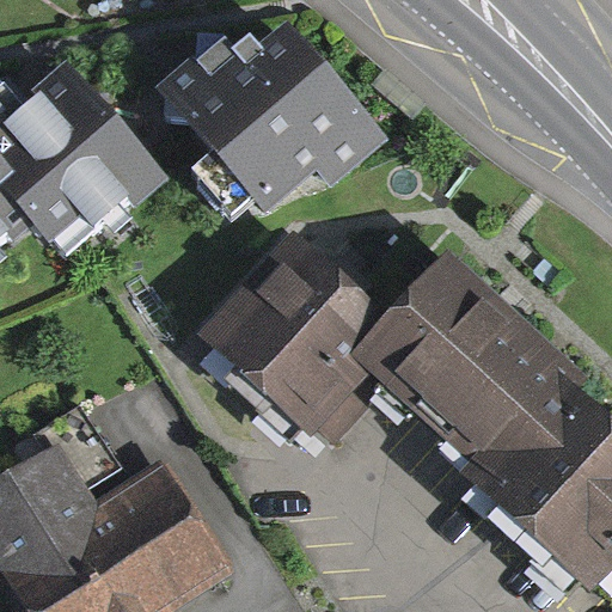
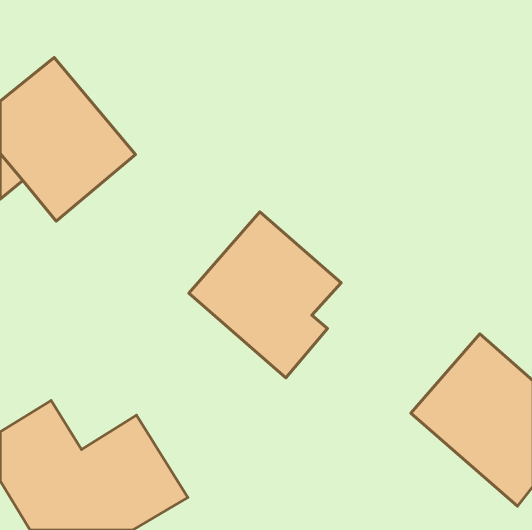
building: [170,35,375,206] -> none
building: [359,263,564,465] -> none

